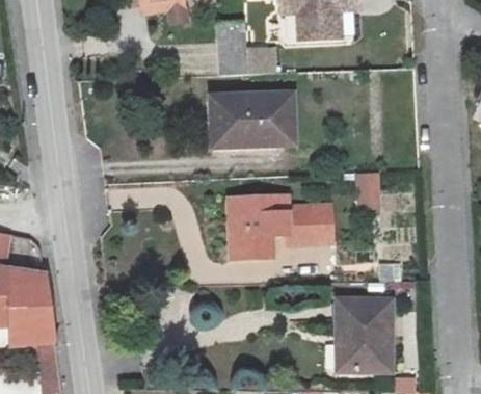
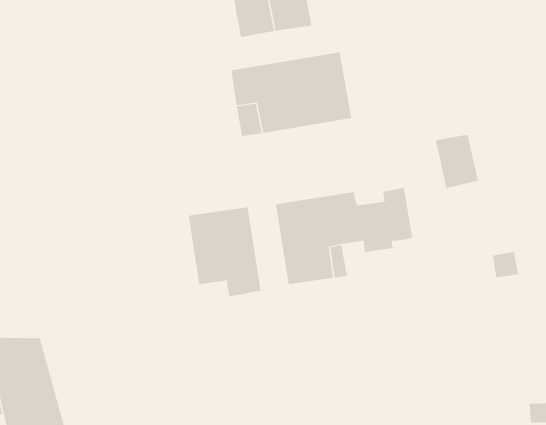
building: none -> [188,206,261,297]
building: [335,296,390,368] -> none

